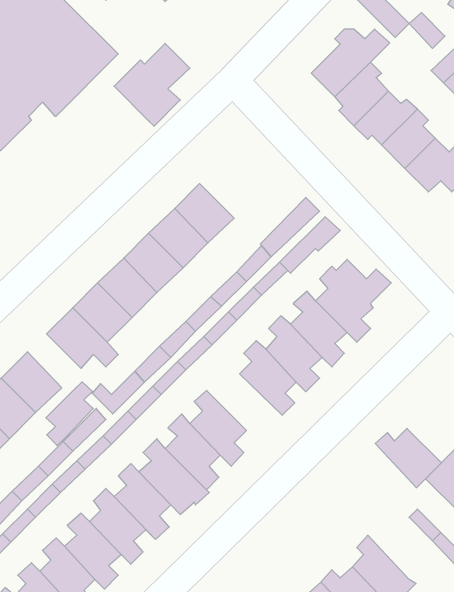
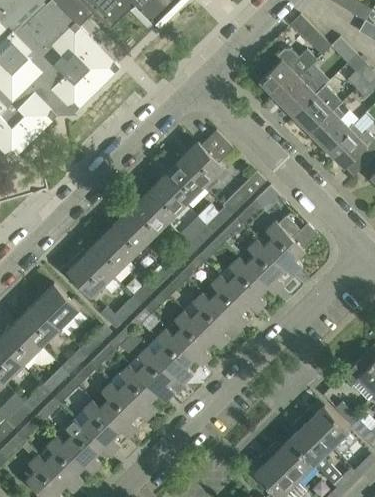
building: [114,43,190,126] -> [179,130,234,190]
building: none -> [190,293,240,348]
building: [46,382,93,446] -> none
building: [375,428,441,488] -> [301,405,349,448]

